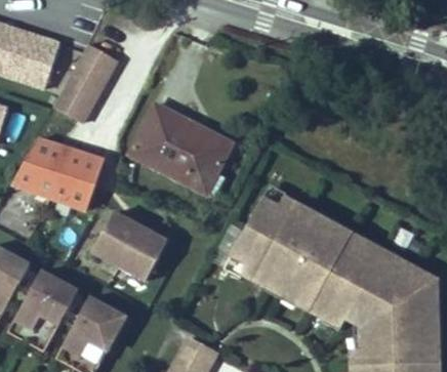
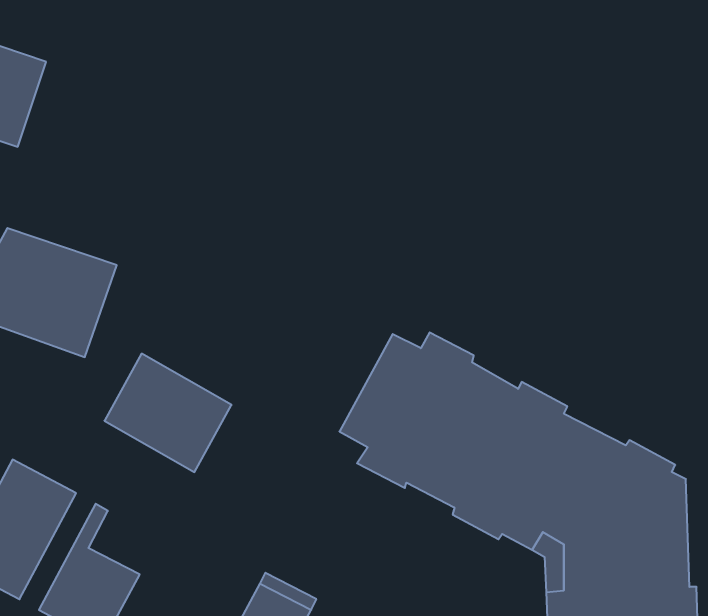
building: [53,43,118,122] -> none
building: [130,104,232,192] -> none
building: [85,299,126,336] -> none

